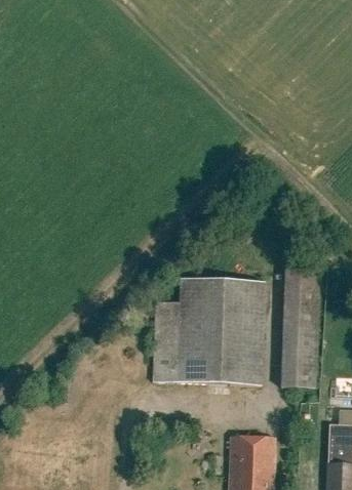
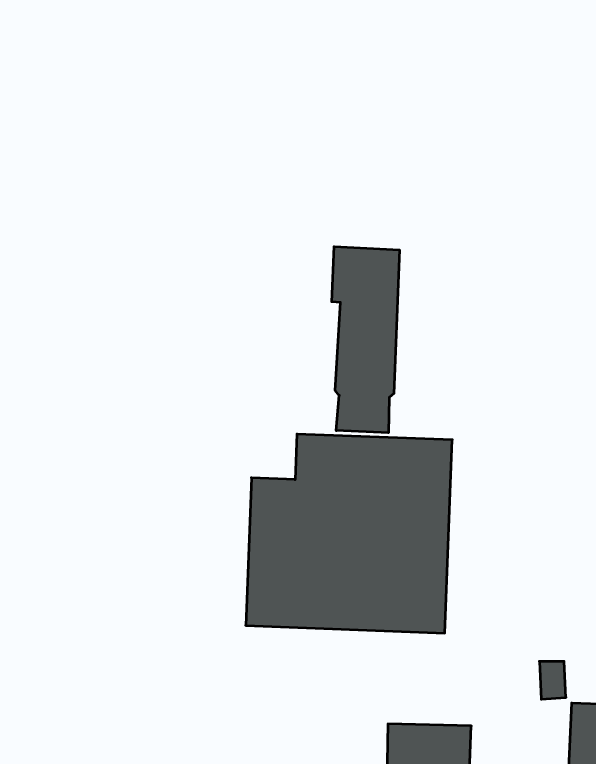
building: none -> [332,247,399,433]
building: [281,263,319,387] -> none

